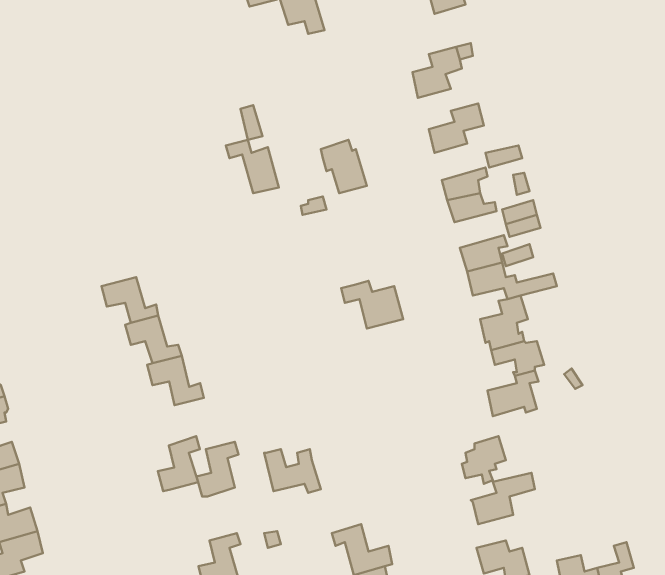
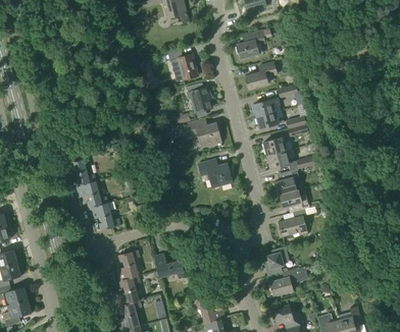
building: [226,140,279,193] -> [167,49,197,78]
building: none -> [187,119,220,147]
building: [158,436,200,491] -> [116,275,140,306]

